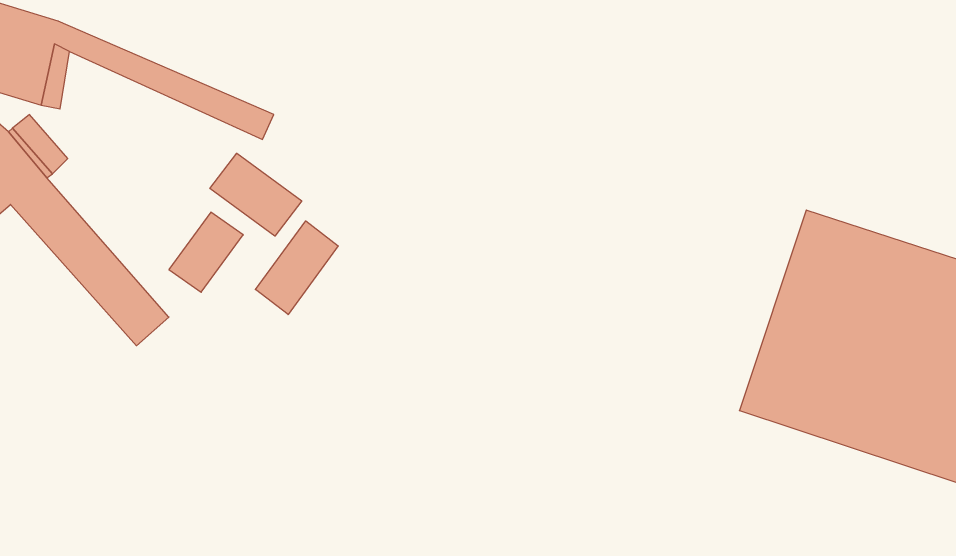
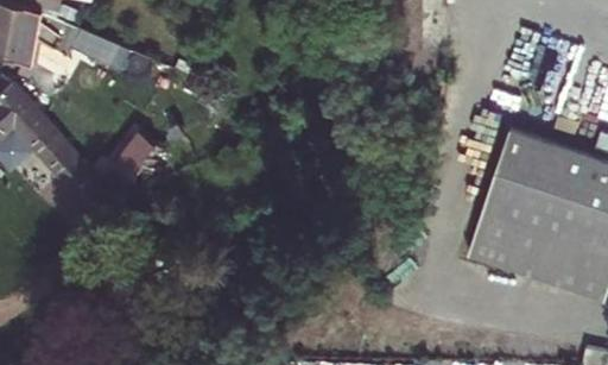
building: [210,153,302,236] -> none
building: [255,221,338,315] -> none

